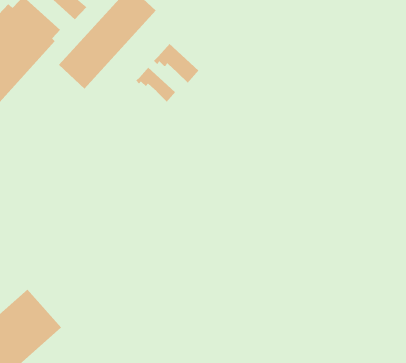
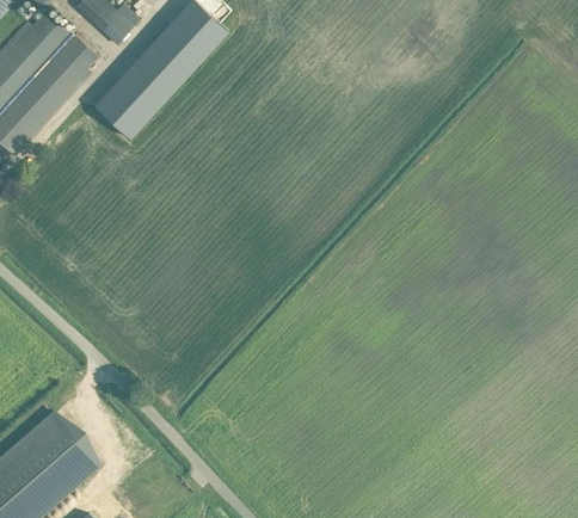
building: [153,43,199,83] -> none
building: [135,67,176,102] -> none

